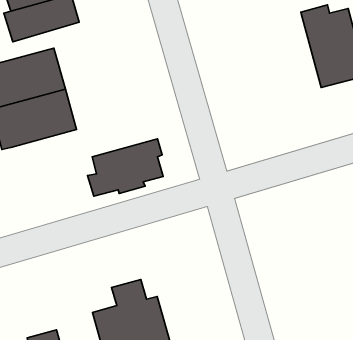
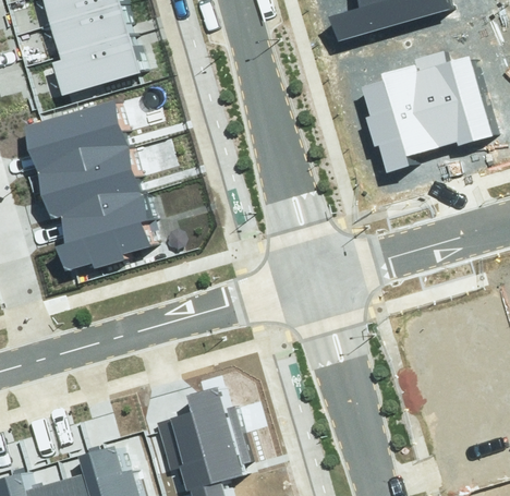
building: none -> [361,66,437,171]
building: [88,139,163,196] -> [54,202,146,271]

